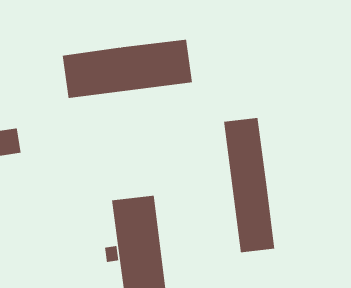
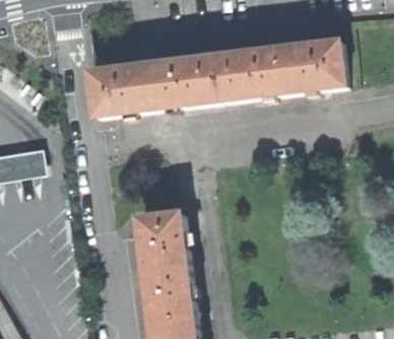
building: none -> [209,42,341,101]
building: [223,117,275,253] -> none

